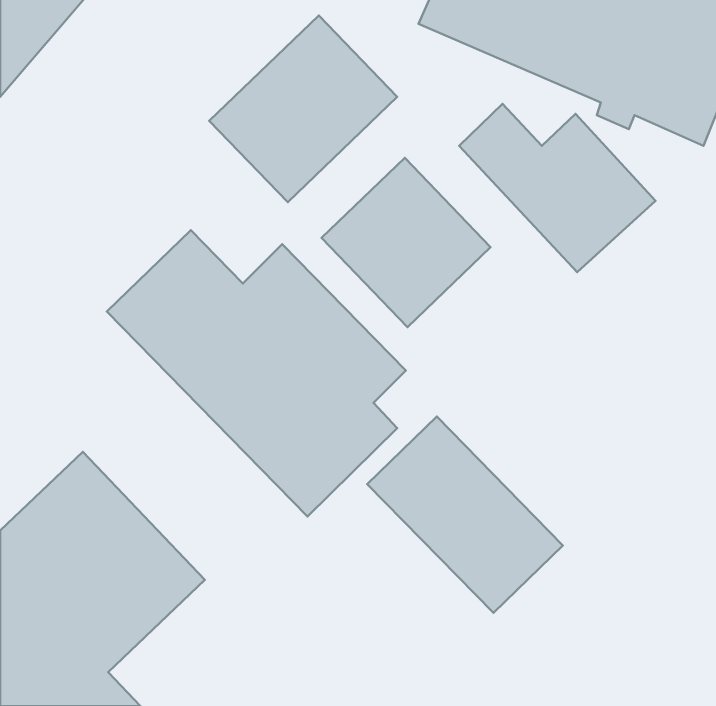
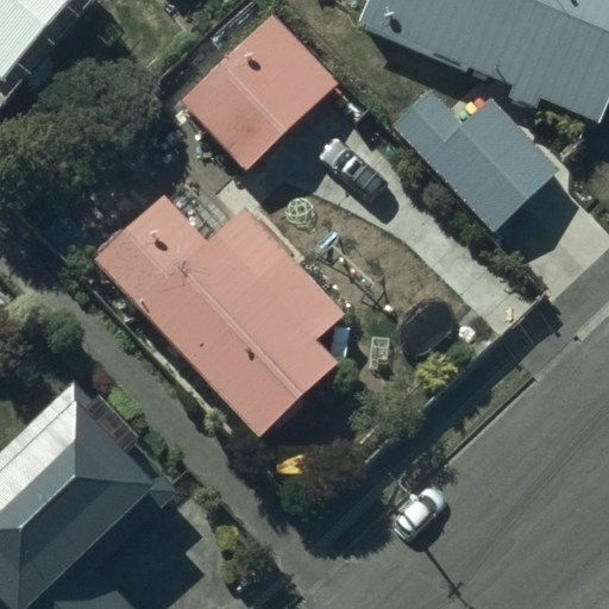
building: [322,158,491,327] -> none
building: [367,417,563,613] -> none

